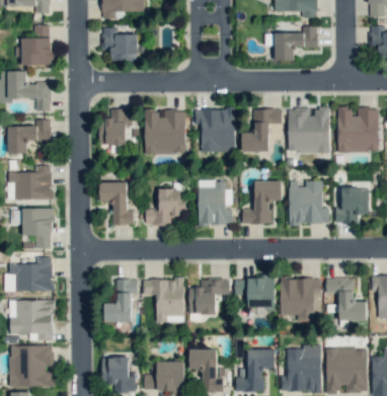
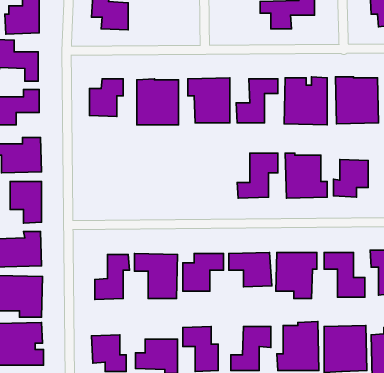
building: [198,181,232,226] -> none
building: [99,182,134,226] -> none
building: [146,189,186,225] -> none

